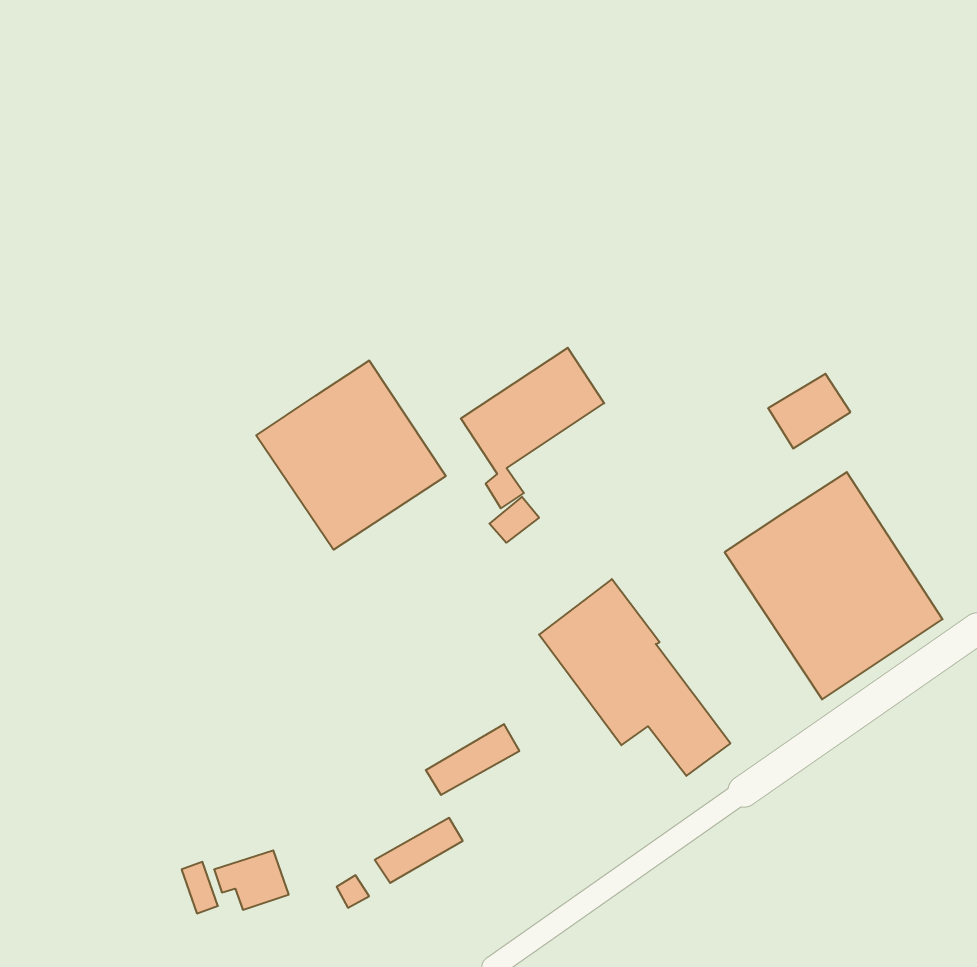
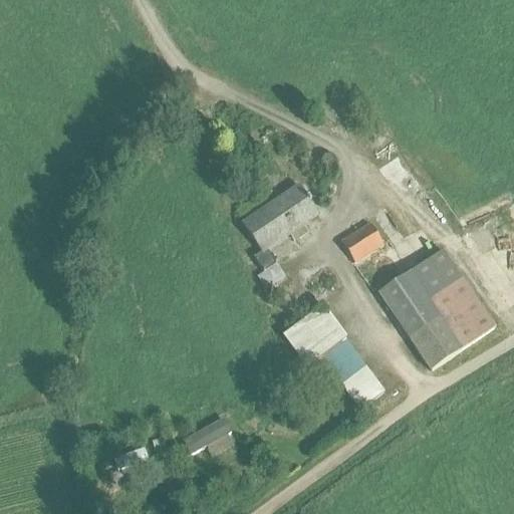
building: [256,360,446,550] -> none
building: [768,374,850,448] -> [342,221,386,260]
building: [426,724,519,795] -> [181,417,230,454]

